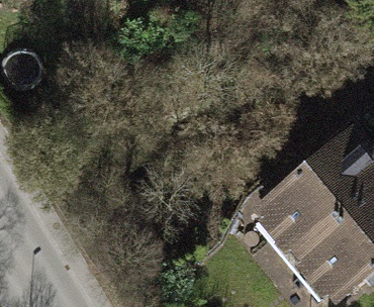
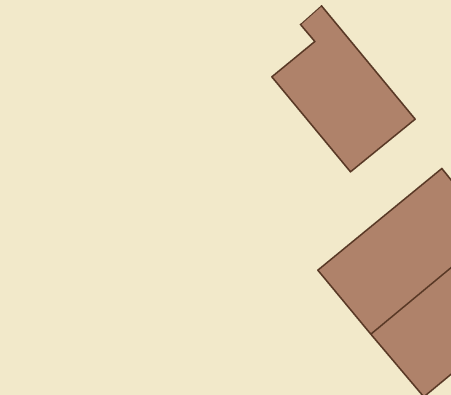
building: none -> [272,6,415,172]

